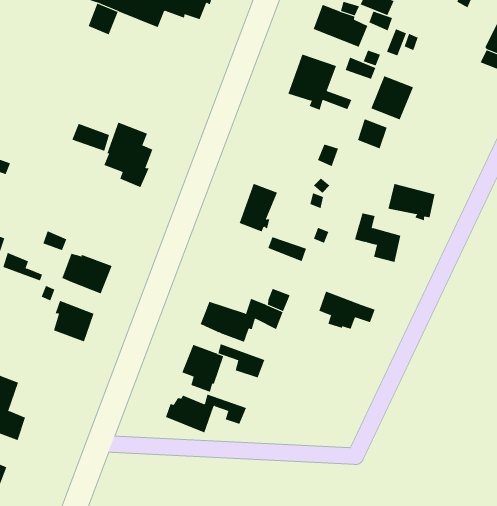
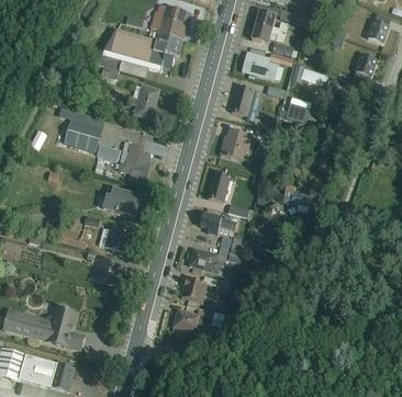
building: none -> [131,84,163,121]
building: none -> [63,110,104,151]
building: none -> [220,128,252,160]
building: [388,183,435,221] -> none
building: none -> [102,188,138,215]
building: [318,291,375,329] -> [200,212,236,235]

